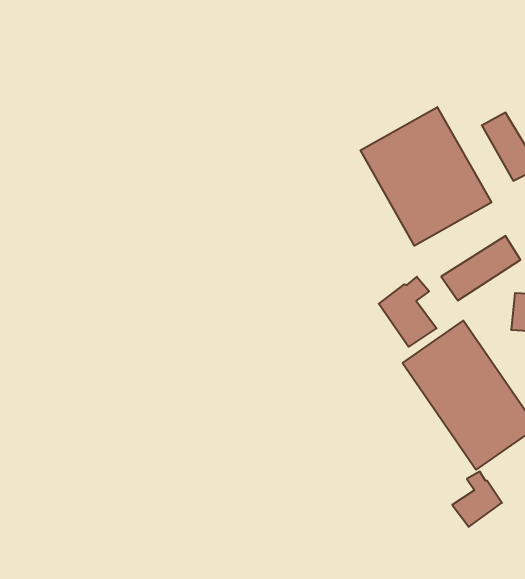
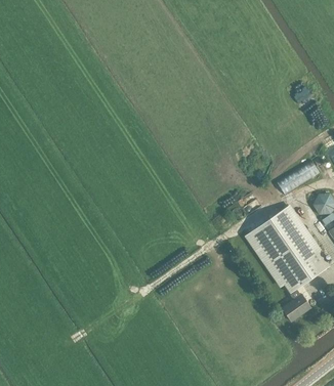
building: [360,107,491,246] -> none
building: [379,277,437,347] -> none

